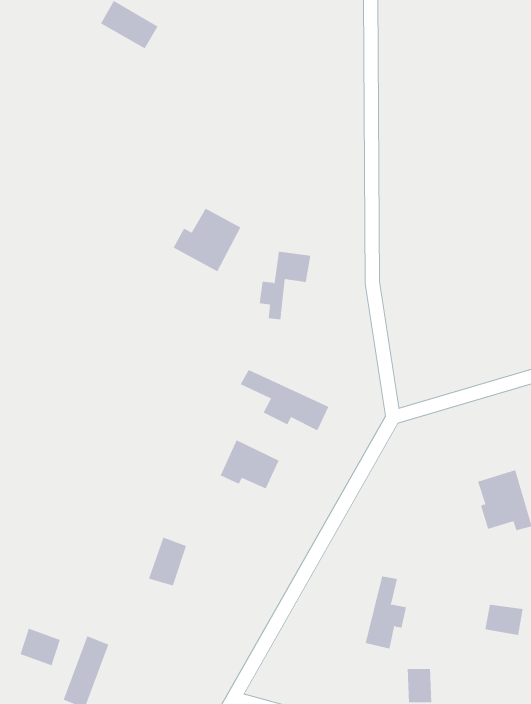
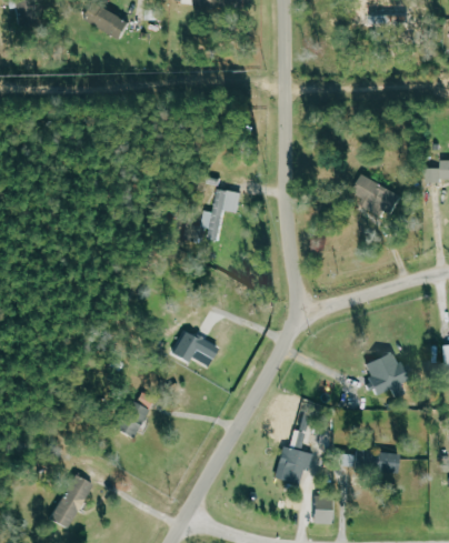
building: [173,208,241,272] -> none
building: none -> [350,174,399,212]
building: [240,369,329,431] -> none
building: [20,628,60,666] -> none

